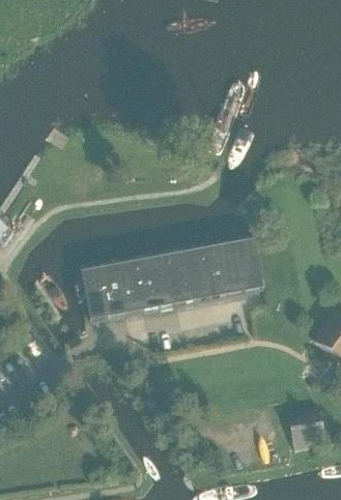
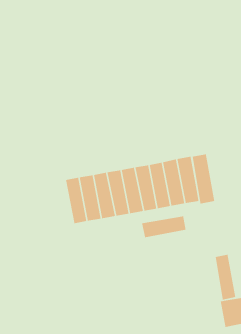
building: none -> [192,154,215,204]
building: [81,263,109,322] -> none
building: none -> [141,216,187,238]
building: none -> [215,254,236,300]

